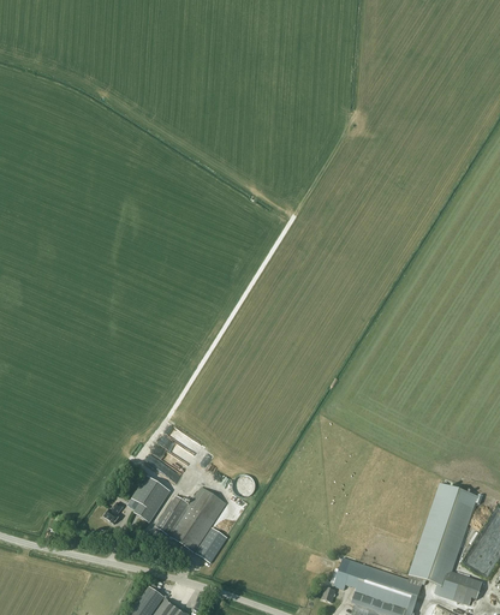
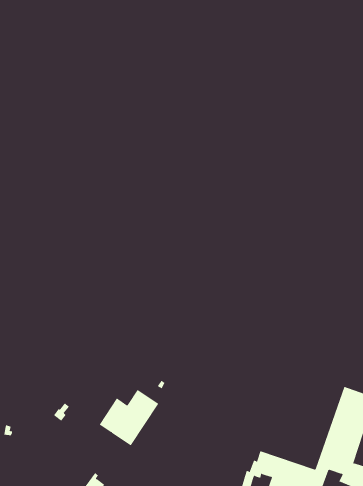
building: [132,476,169,523] -> none
building: [195,527,227,563] -> none

